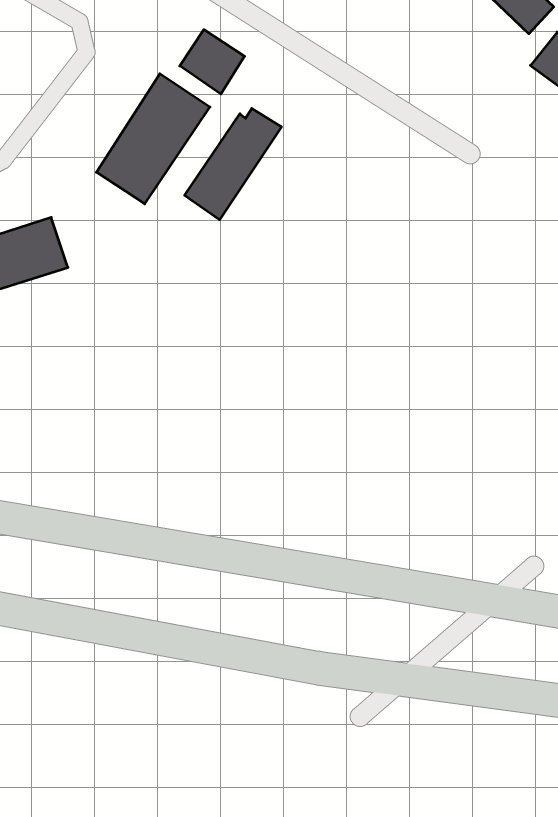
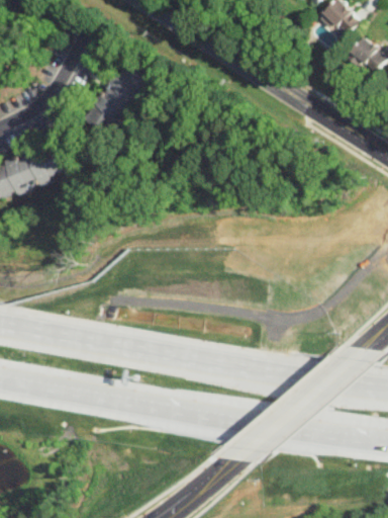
building: [180,30,245,94] -> none
building: [185,108,281,220] -> none

